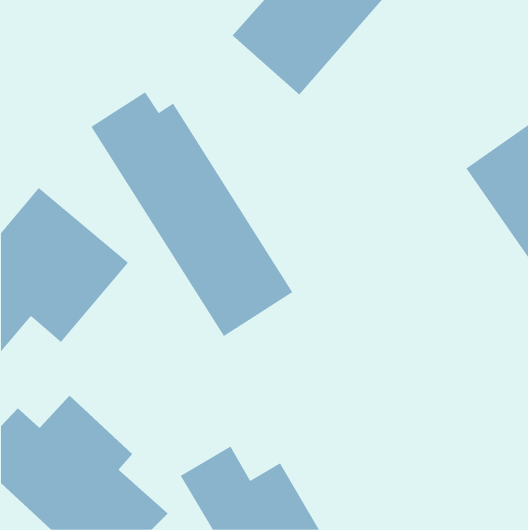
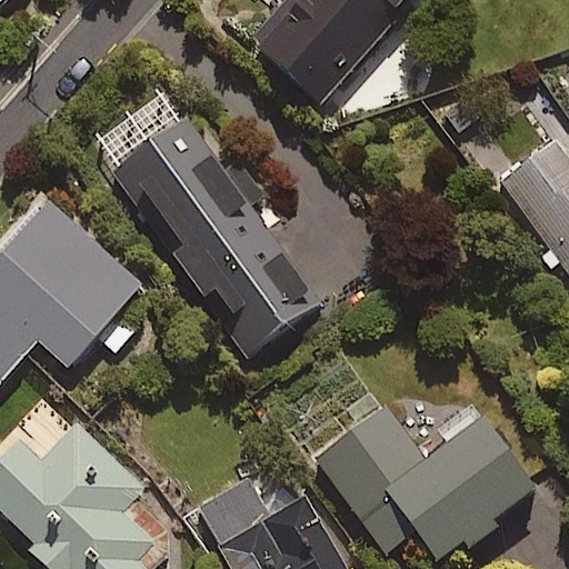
building: none -> [313,403,536,562]

